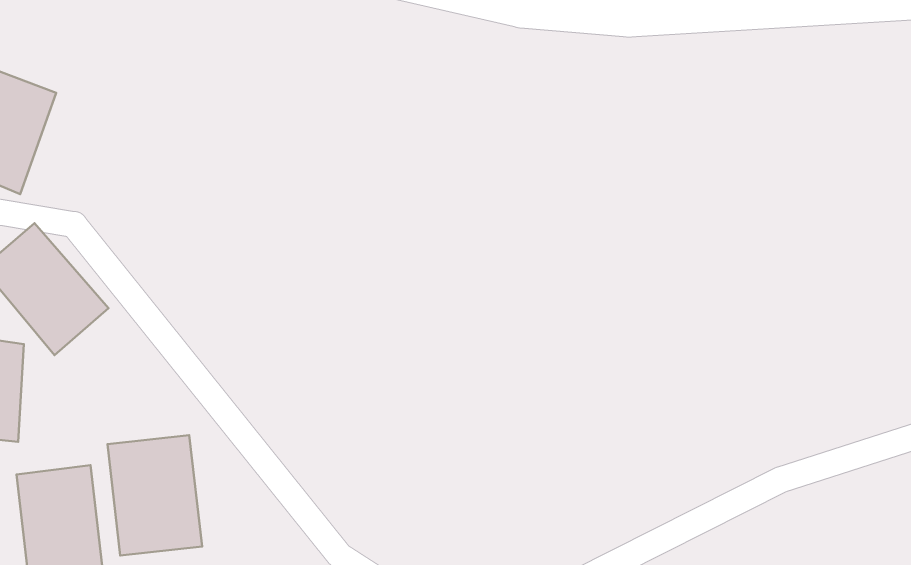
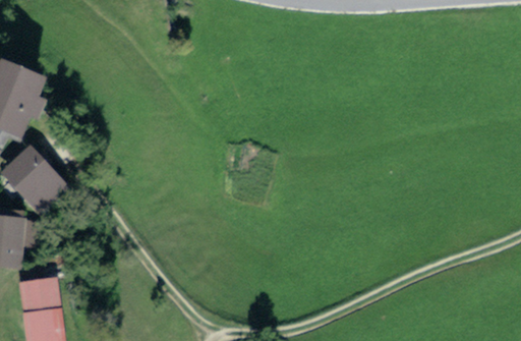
building: [107,435,202,555] -> none

